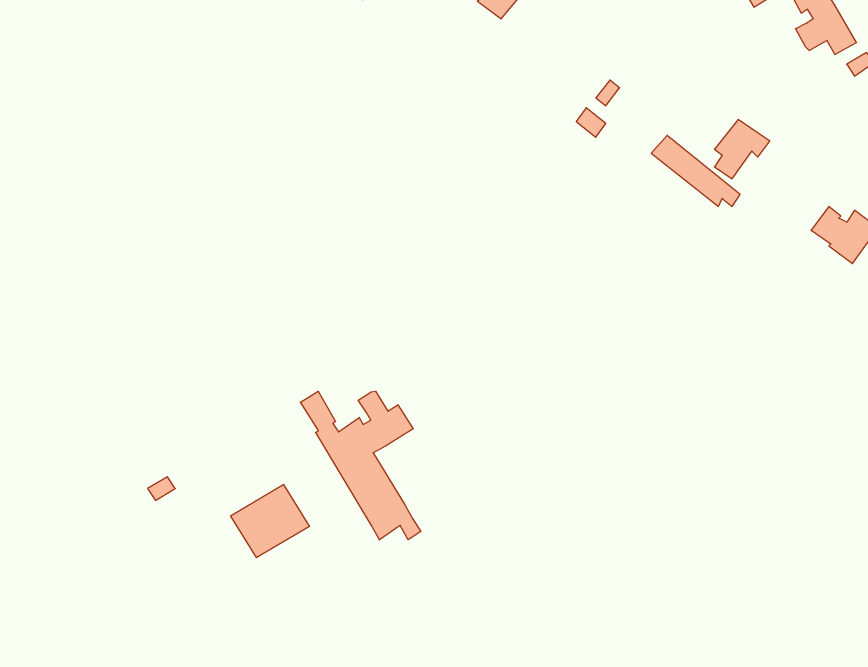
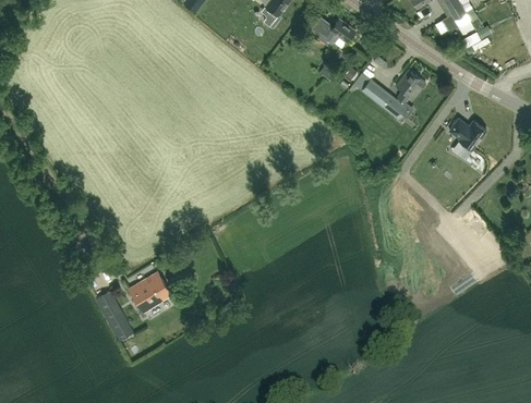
building: none -> [315,17,355,47]
building: [300,391,421,540] -> none
building: none -> [96,290,134,340]

